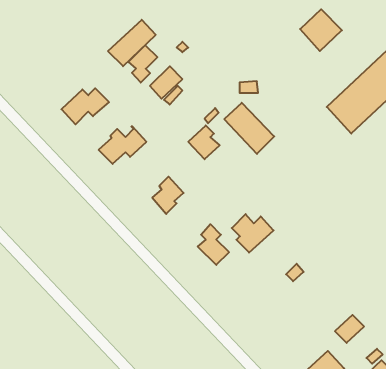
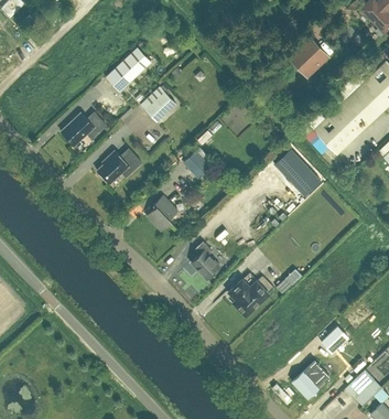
building: [128,45,157,83] -> none
building: [224,103,274,154] -> [273,148,321,196]
building: [232,214,274,253] -> [229,279,269,315]

